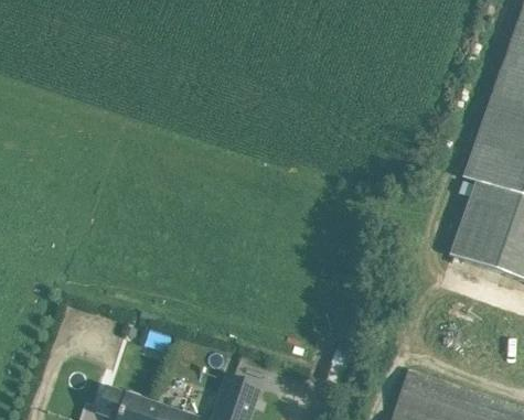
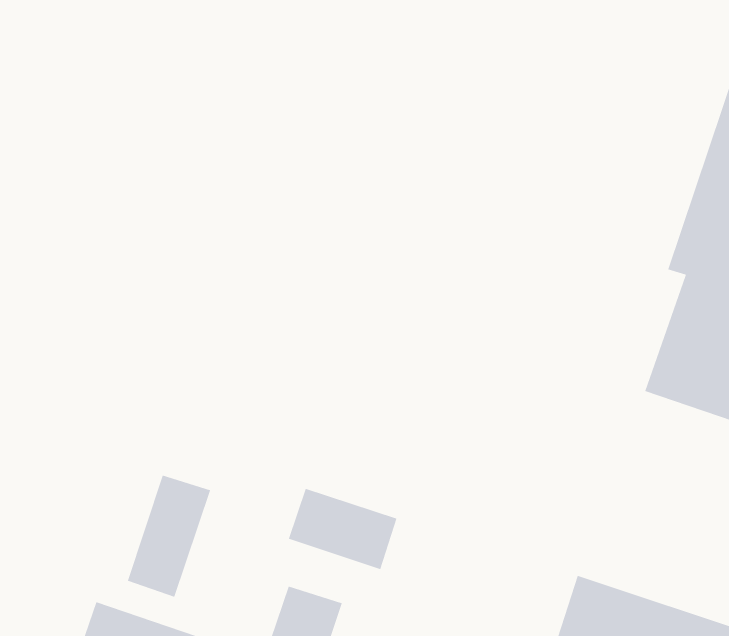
building: none -> [127,475,211,598]
building: none -> [288,488,397,570]

